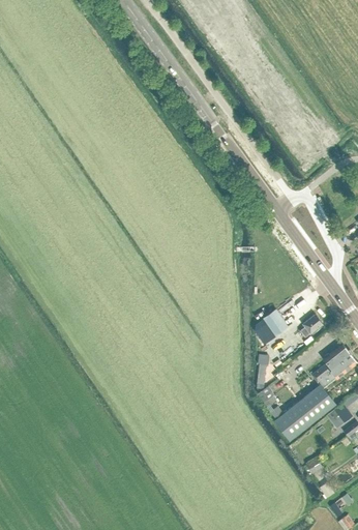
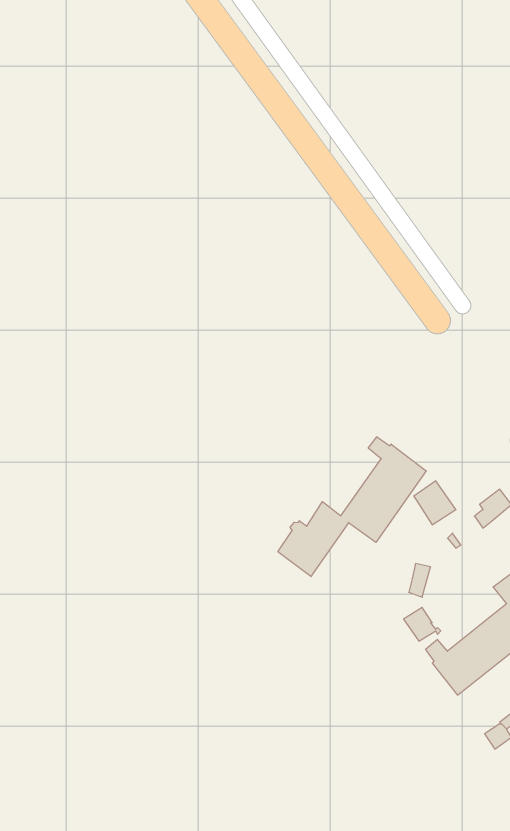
building: none -> [278,437,426,577]

